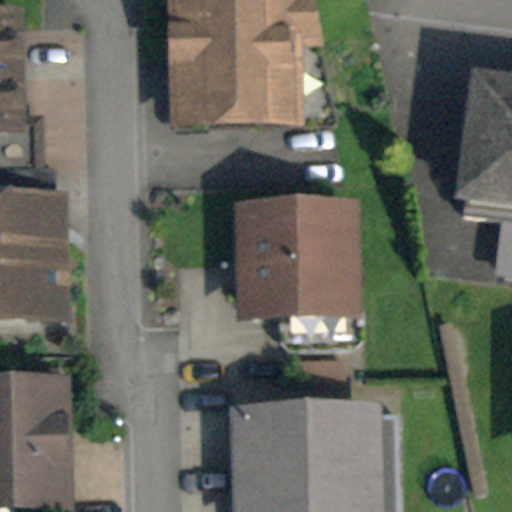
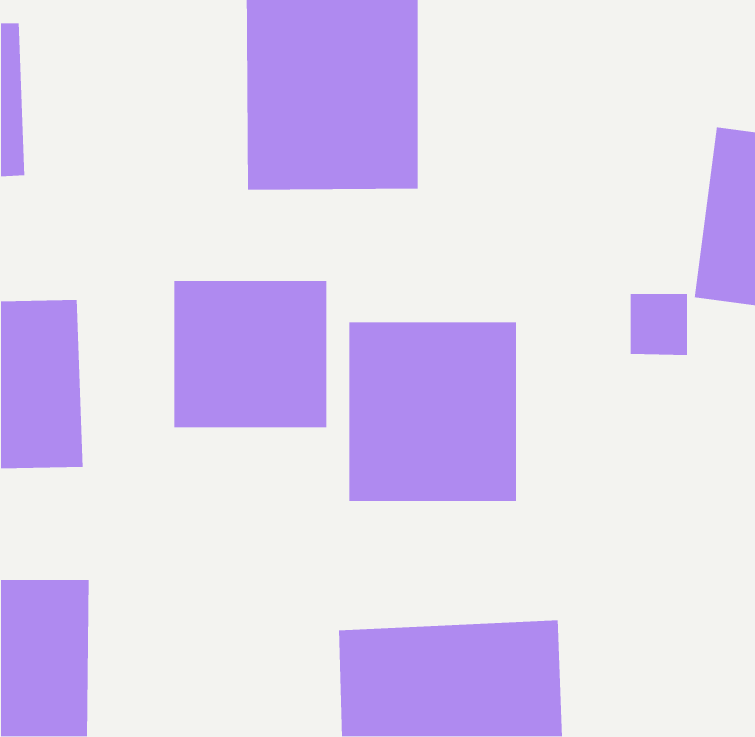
building: none -> [174,280,327,428]

